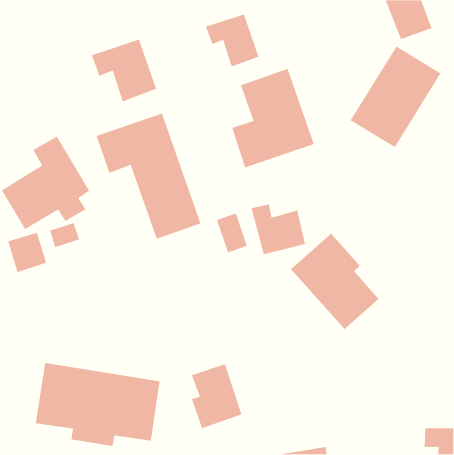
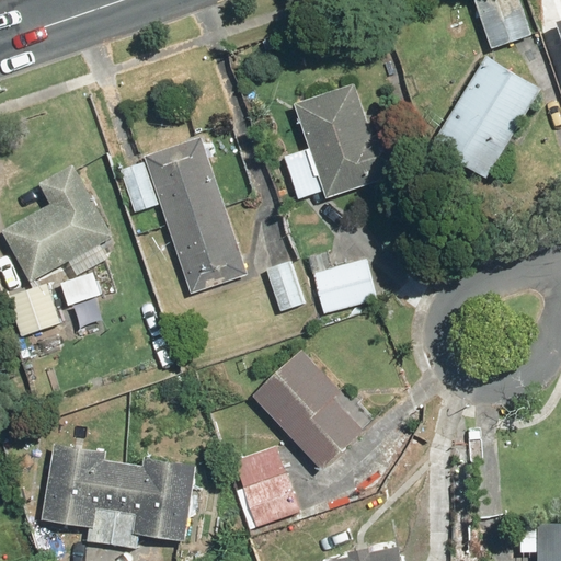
building: [205,13,260,68] -> none
building: [91,39,157,102] -> none
building: [290,233,379,330] -> [254,351,364,470]

